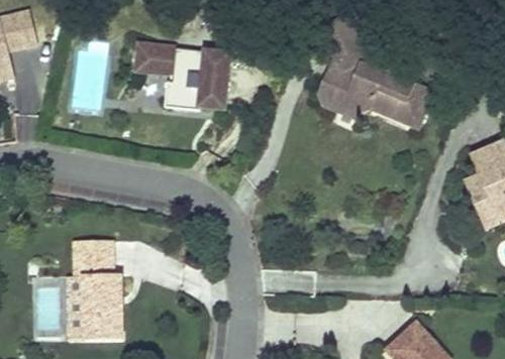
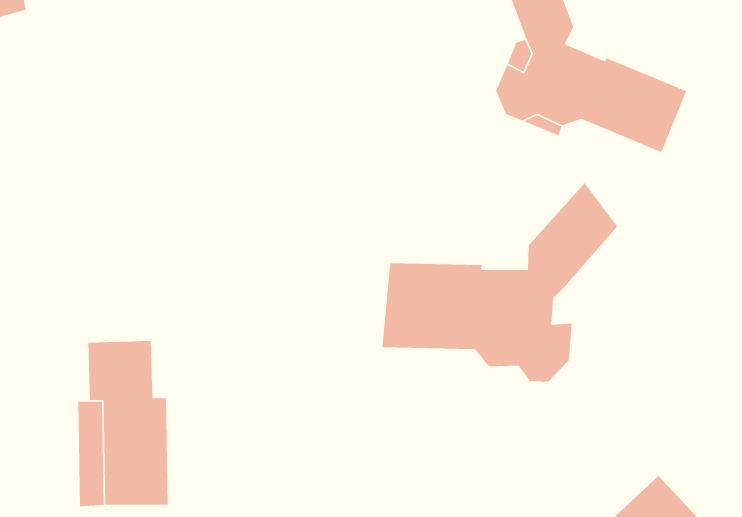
building: [136,43,229,110] -> none
building: none -> [382,182,618,382]

